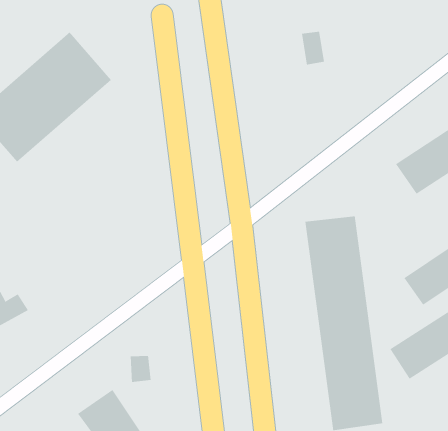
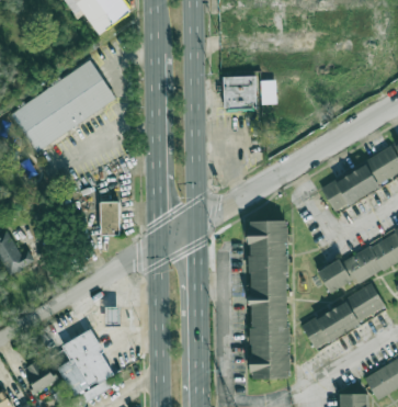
building: none -> [224,76,259,106]
building: none -> [102,202,123,235]

